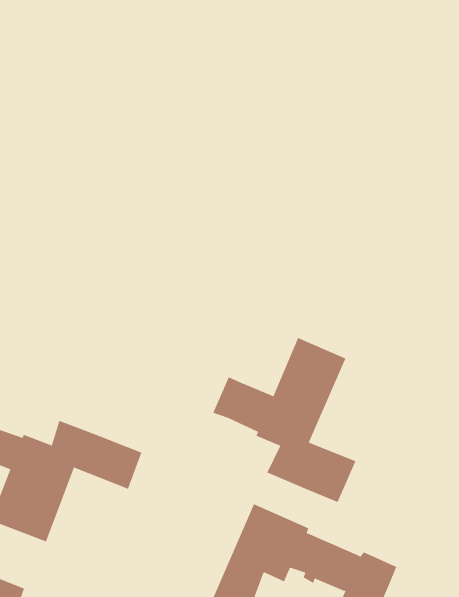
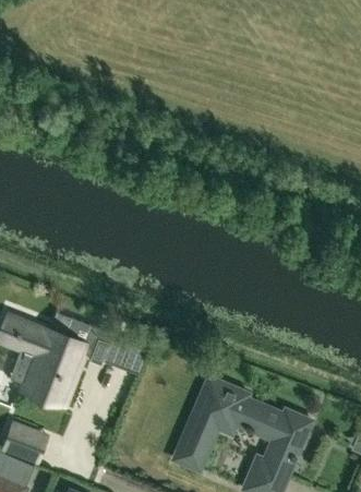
building: [213,337,356,503] -> none

